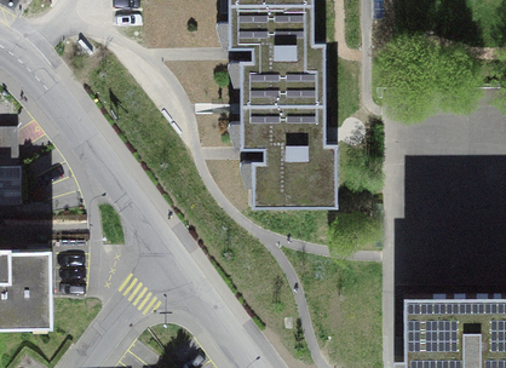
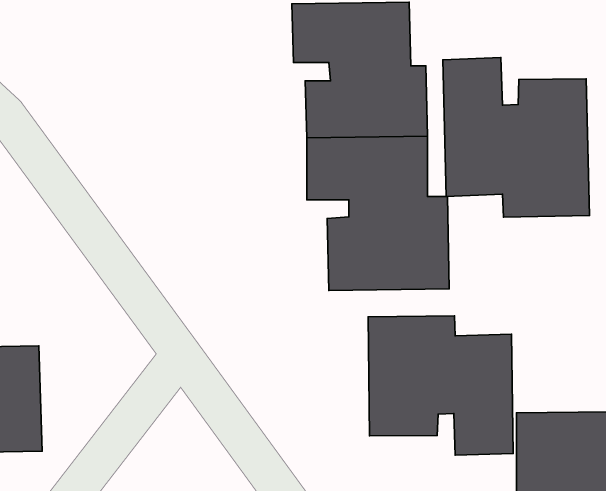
building: none -> [443,58,590,217]
building: none -> [368,316,513,455]

